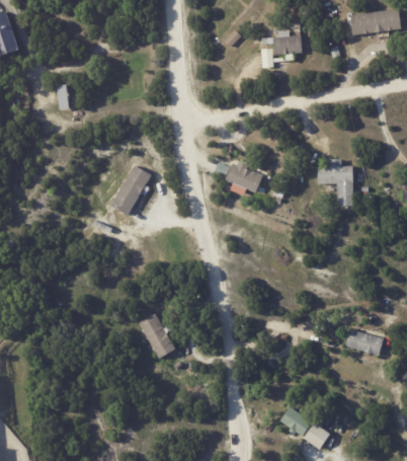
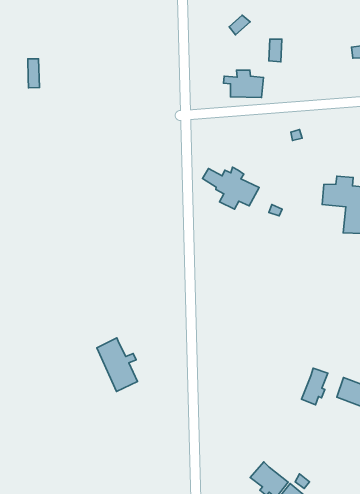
building: [268,30,302,55] -> [223,70,263,98]
building: [110,165,152,216] -> none
building: none -> [301,368,328,405]

